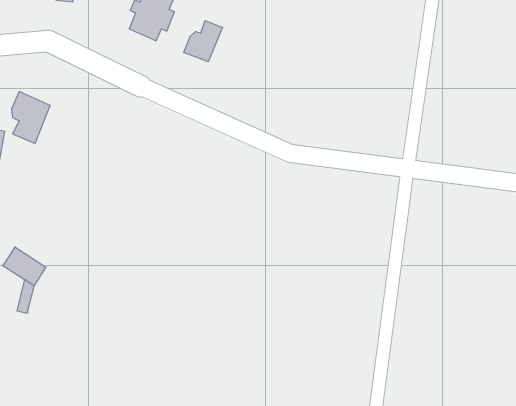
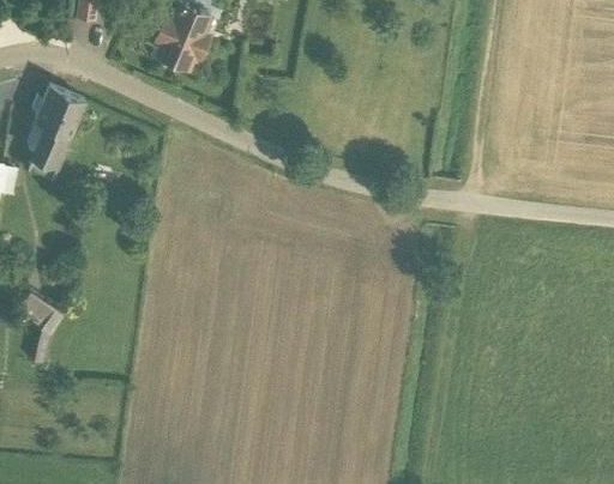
building: [184,21,223,62] -> none
building: none -> [34,86,84,137]

